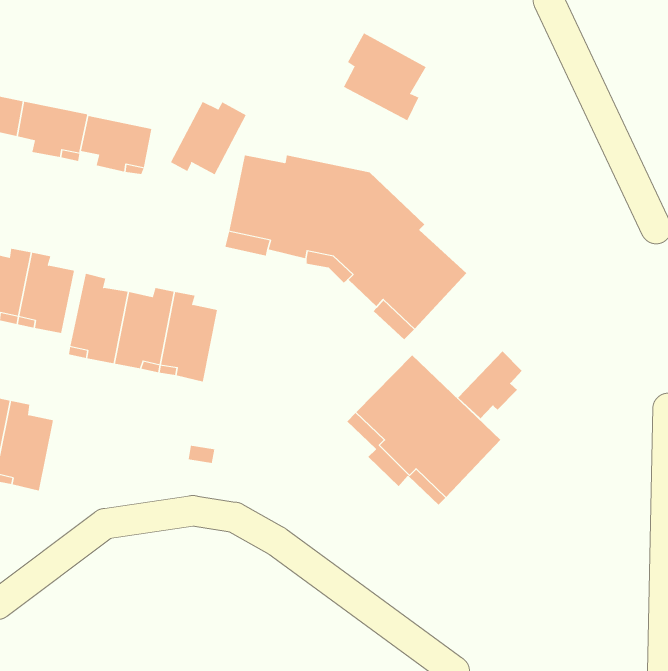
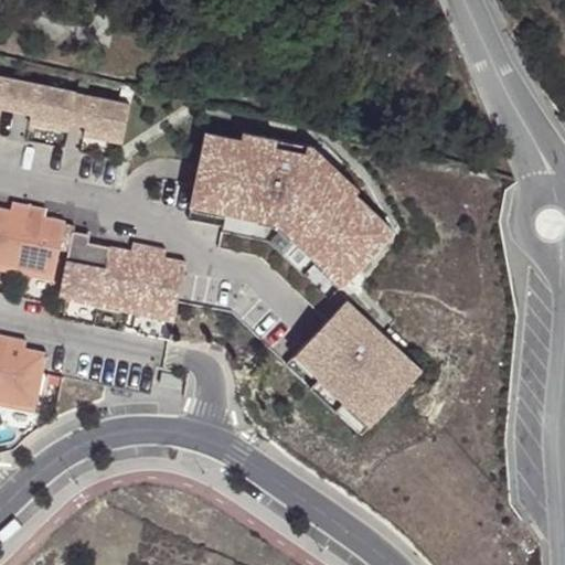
building: [343,32,426,121] -> none
building: [170,101,246,175] -> none
building: [457,351,522,420] -> none

